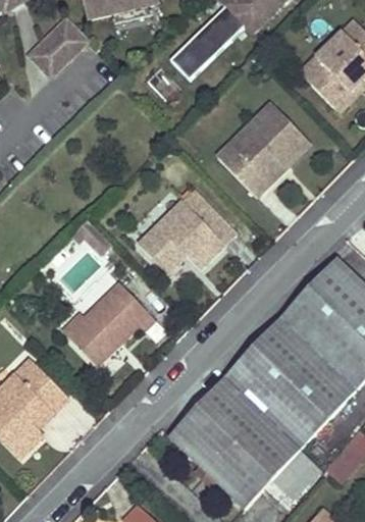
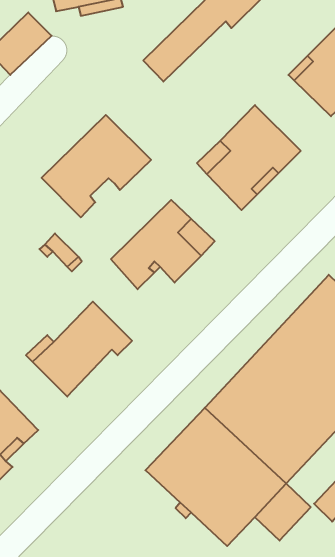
building: none -> [42,115,151,217]

